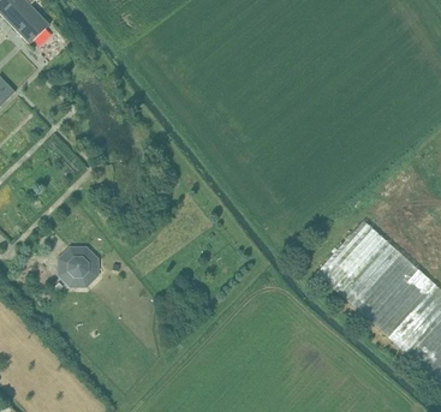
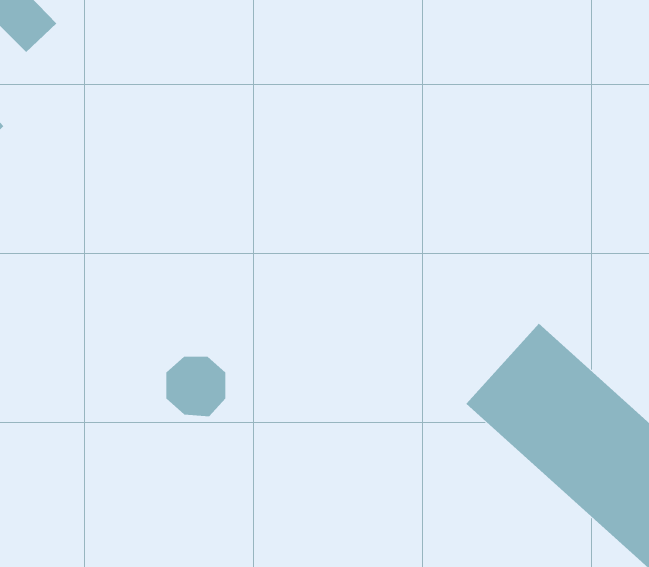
building: [58,247,97,287] -> [165,356,226,417]

